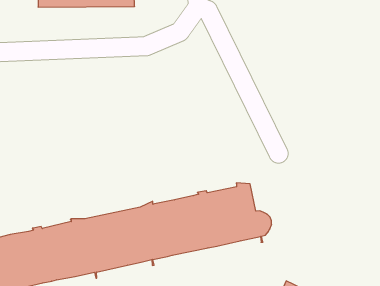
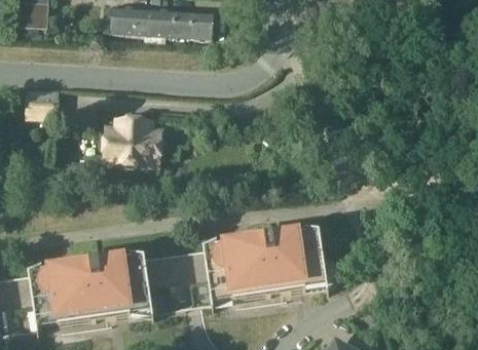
building: none -> [102,117,159,164]

